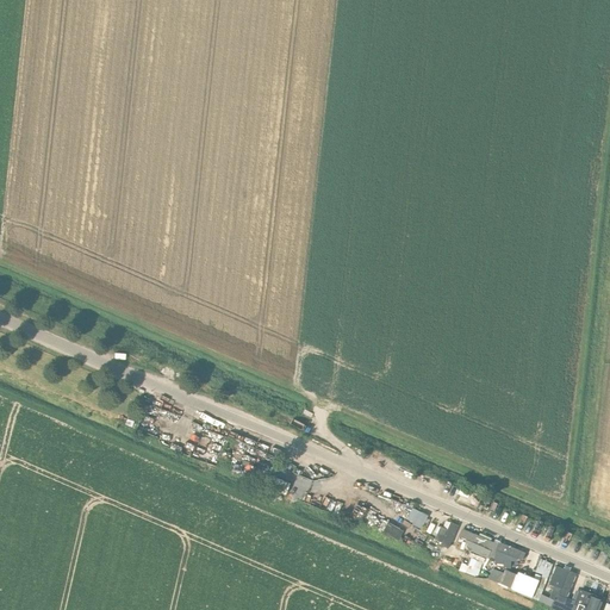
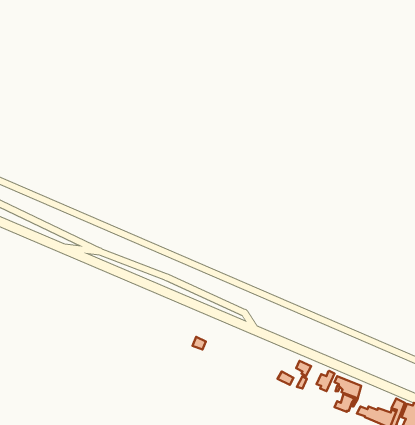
building: [490,539,525,567] -> none

